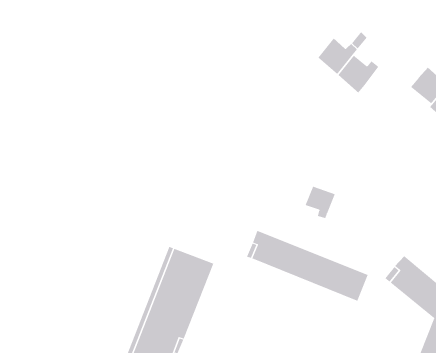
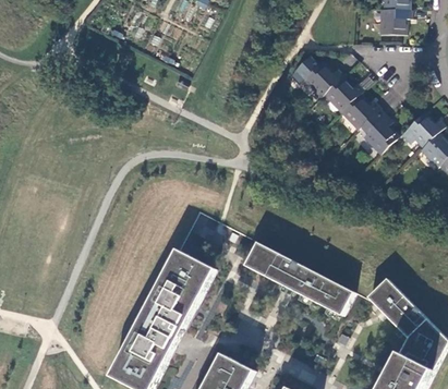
building: none -> [290,57,343,95]
building: none -> [363,108,397,153]
building: [305,186,335,219] -> none

